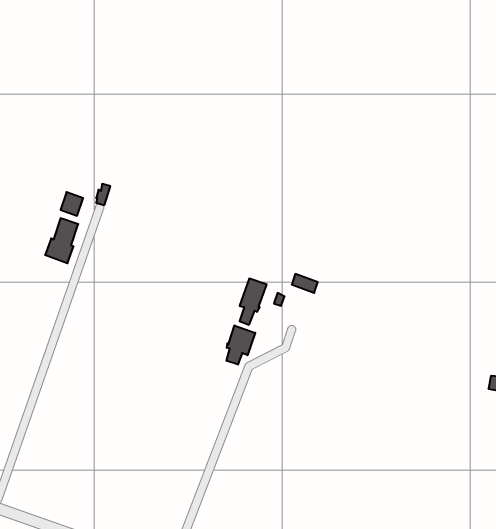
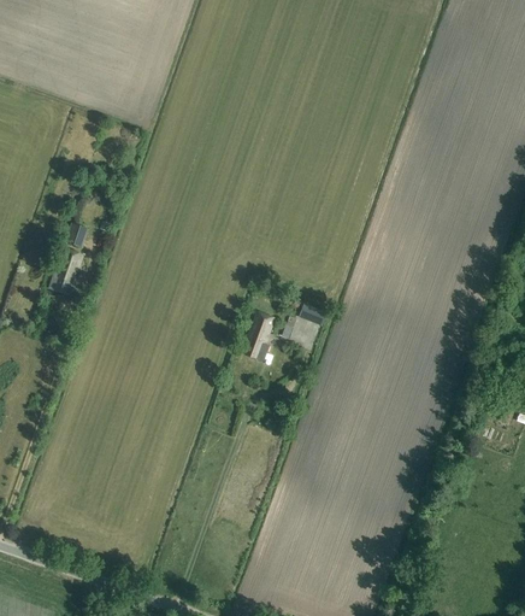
building: [227,325,255,365] -> none

